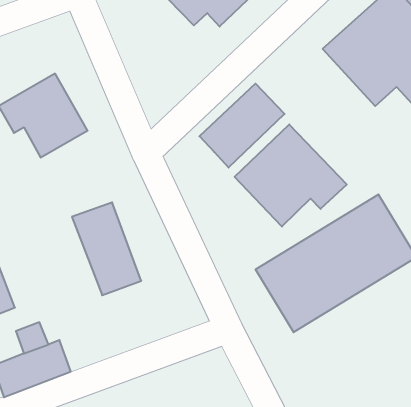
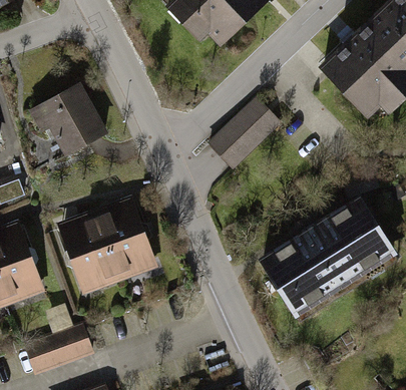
building: [235,124,347,227] -> none
building: none -> [58,214,121,298]

